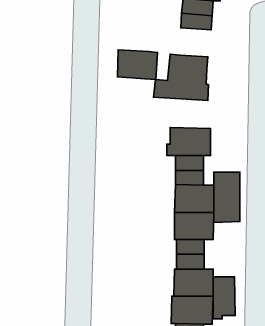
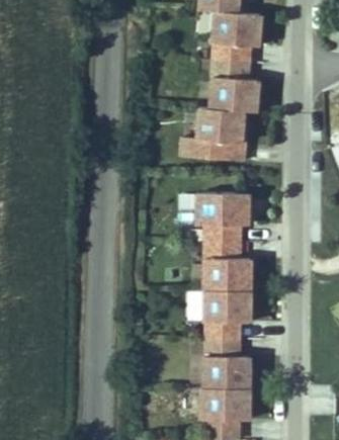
building: [117,50,158,80] -> [211,76,258,110]
building: [214,172,240,222] -> none
building: [213,277,235,319] -> none

